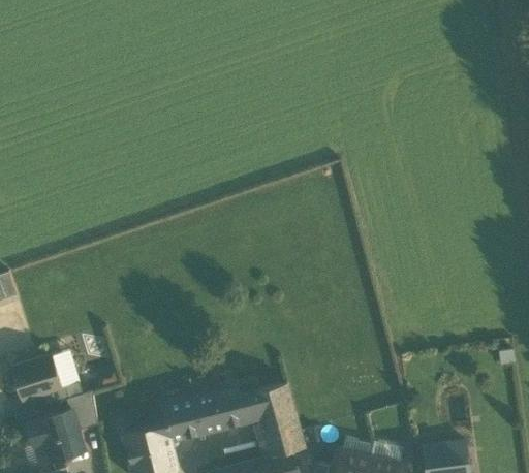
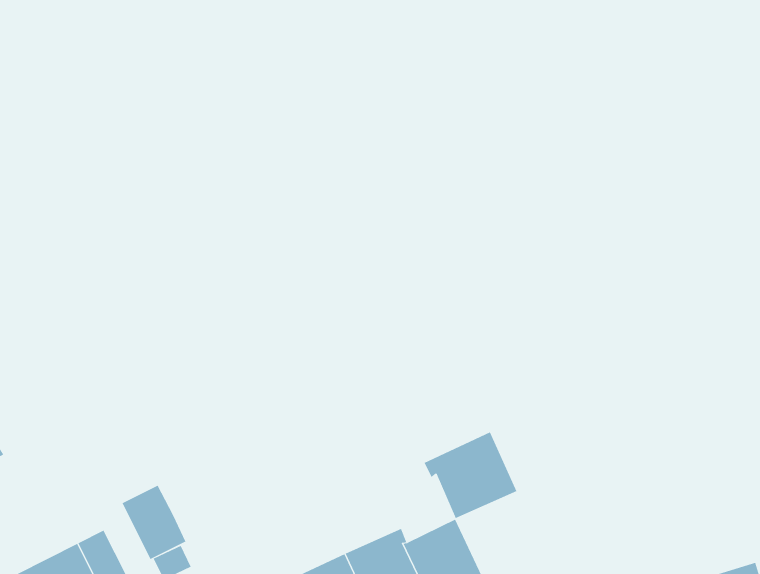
building: none -> [122,485,186,560]
building: none -> [424,431,517,519]

